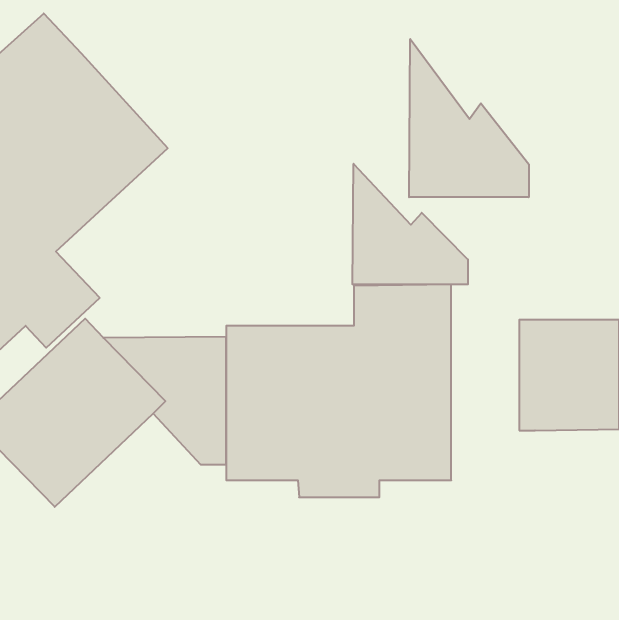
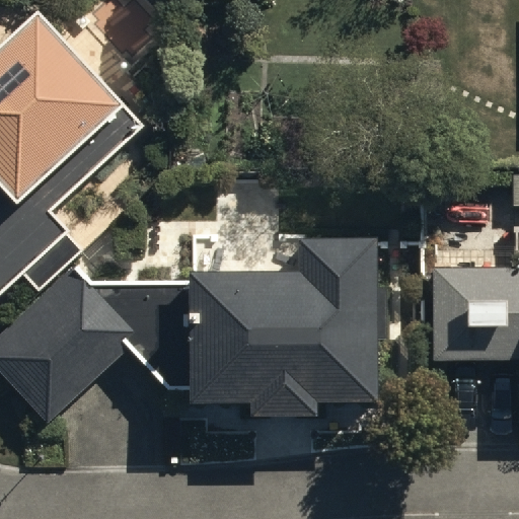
building: [409,39,529,197] -> none
building: [352,164,468,284] -> none

